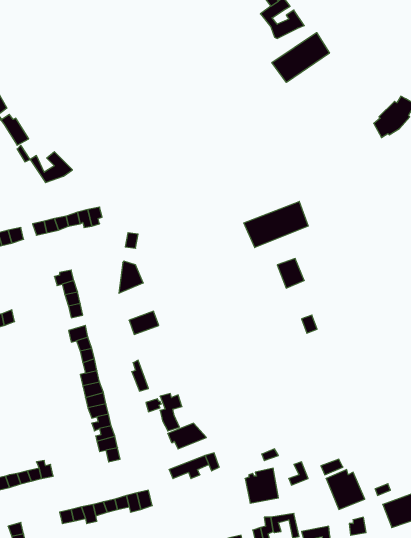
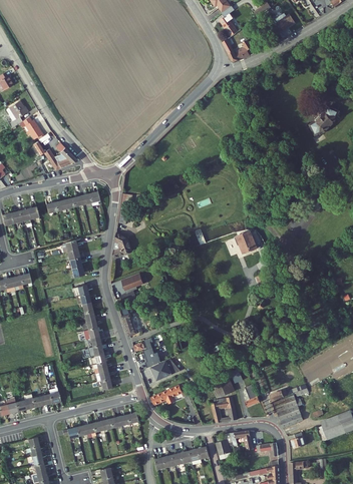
building: [272,33,329,82] -> none
building: [244,201,308,248] -> none

